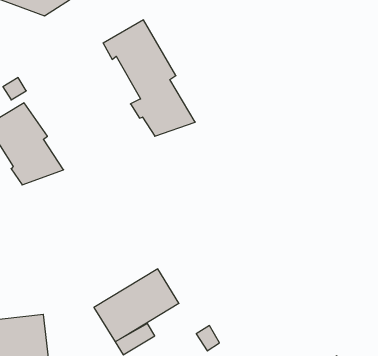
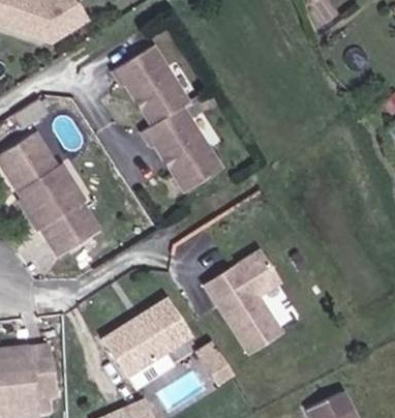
building: none -> [165,150,219,191]
building: none -> [30,199,99,256]
building: none -> [204,253,279,354]

